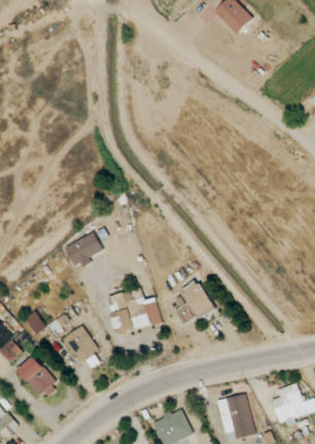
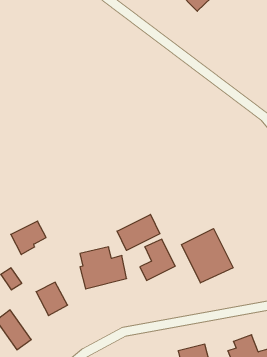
building: [65,233,103,269] -> [11,221,46,255]
building: none -> [117,214,160,250]
building: none -> [182,229,233,283]

